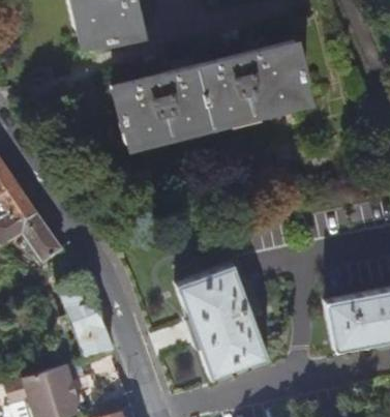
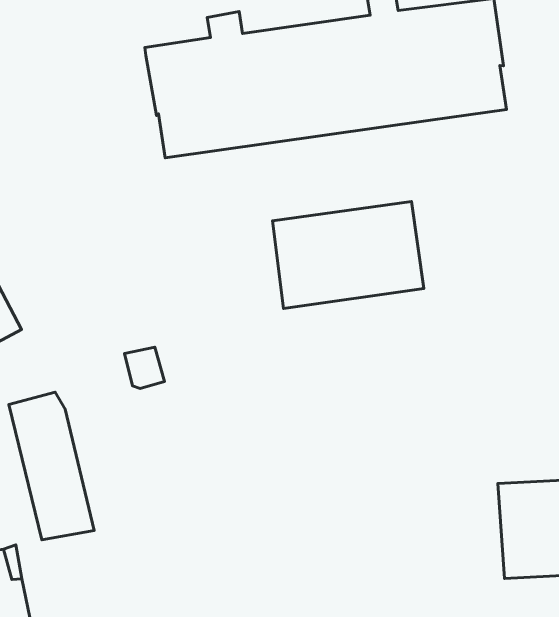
building: none -> [272,201,424,308]
building: [179,265,271,381] -> none

